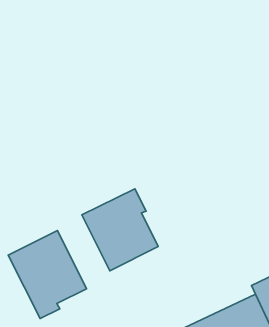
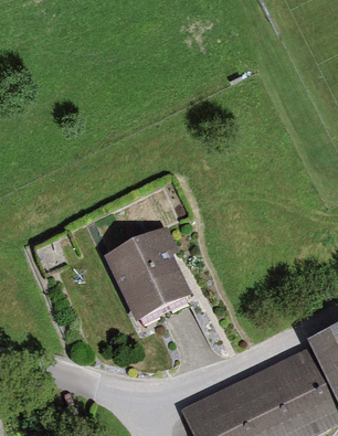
building: [8,231,86,319] -> none

